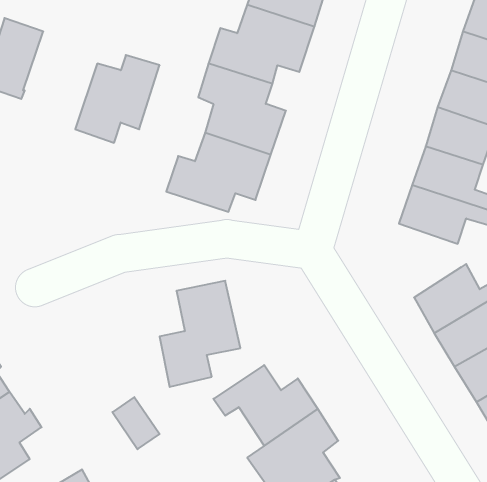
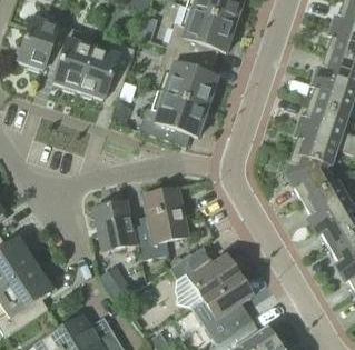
building: none -> [43,23,92,90]
building: none -> [285,152,333,201]
building: none -> [93,200,135,251]

